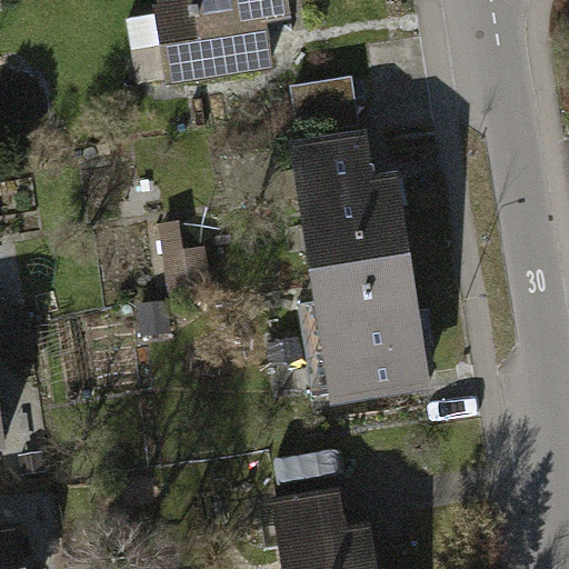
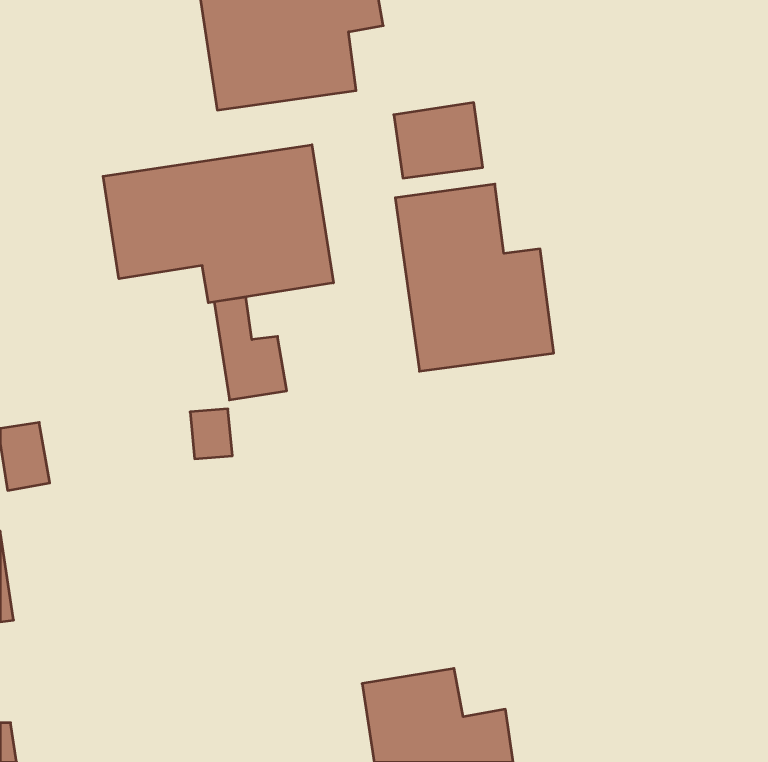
building: none -> [103,145,333,303]
building: [311,260,429,409] -> none

